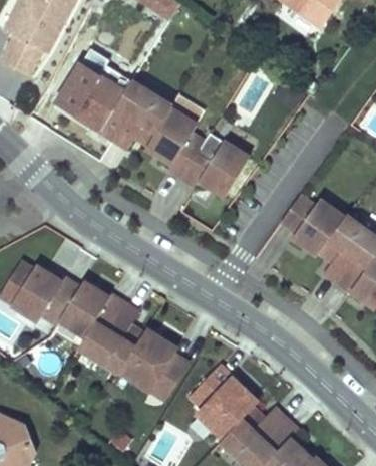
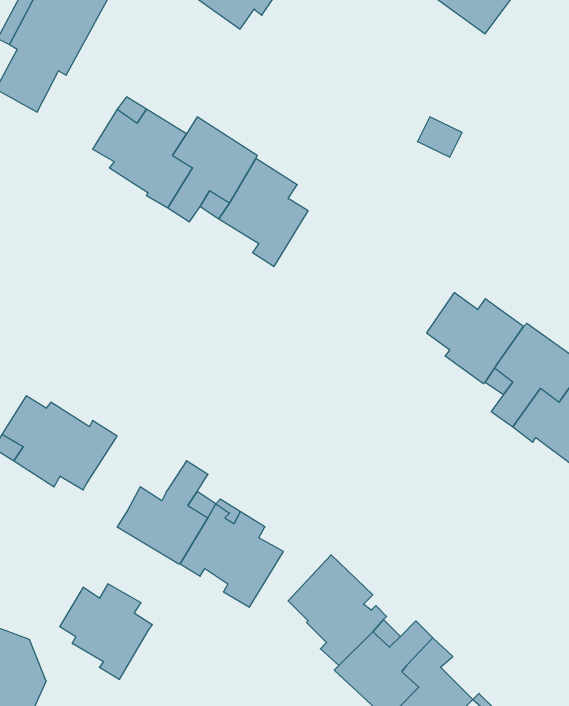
building: [182,141,250,196] -> none
building: [60,281,125,336] -> none
building: none -> [60,584,152,679]

